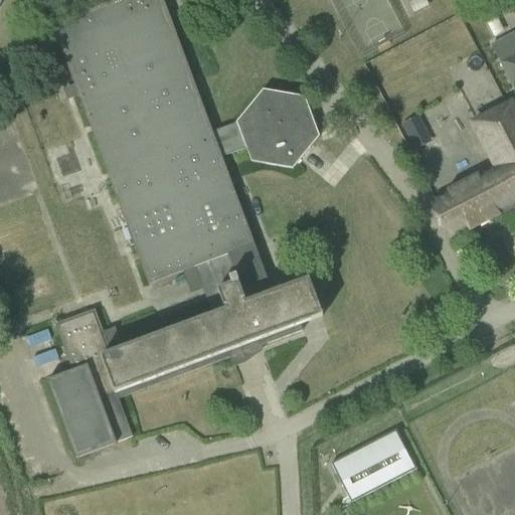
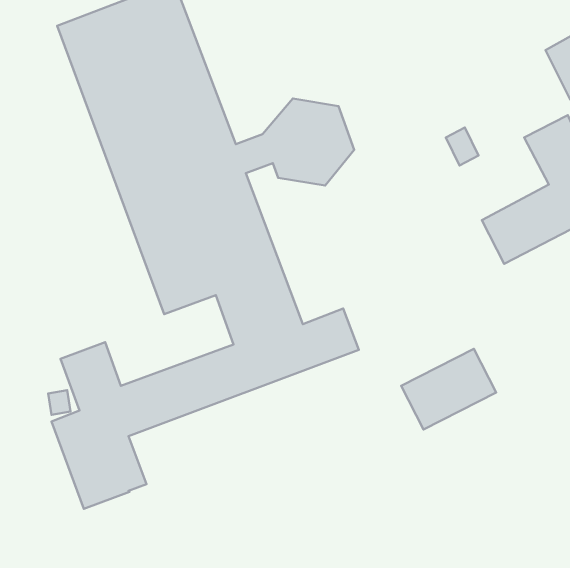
building: [332,428,417,501] -> [401,349,496,429]

